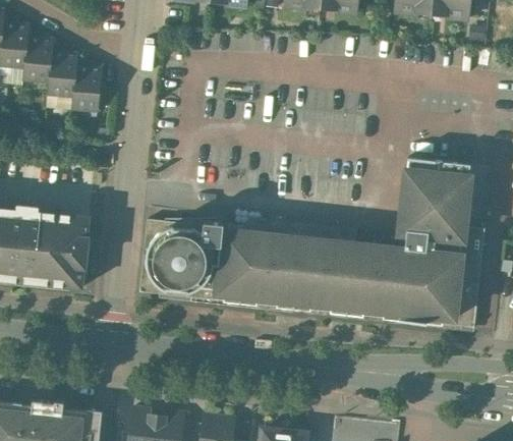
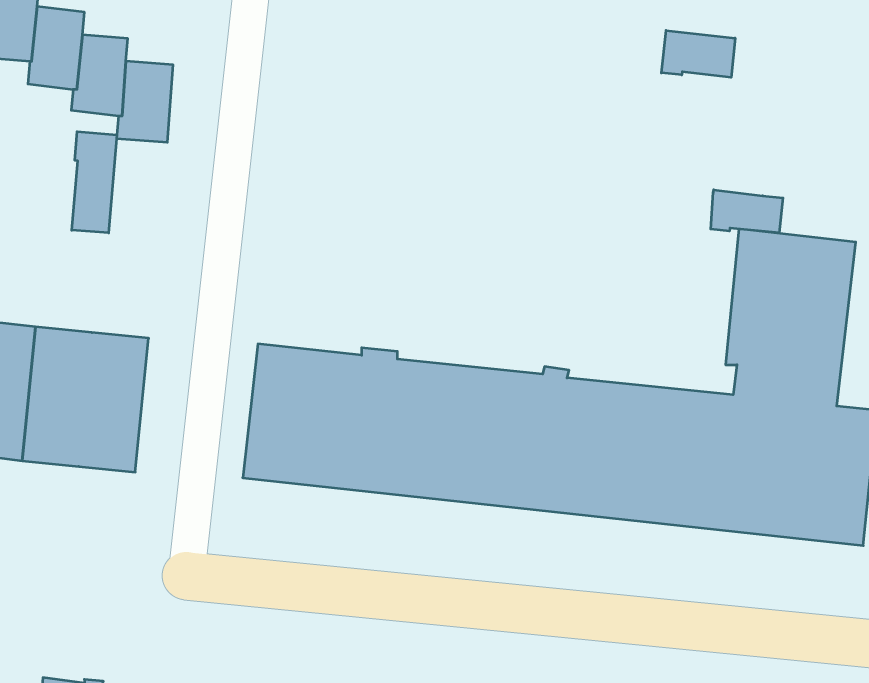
building: none -> [661,30,735,77]
building: none -> [72,132,117,233]
building: none -> [711,190,783,233]

